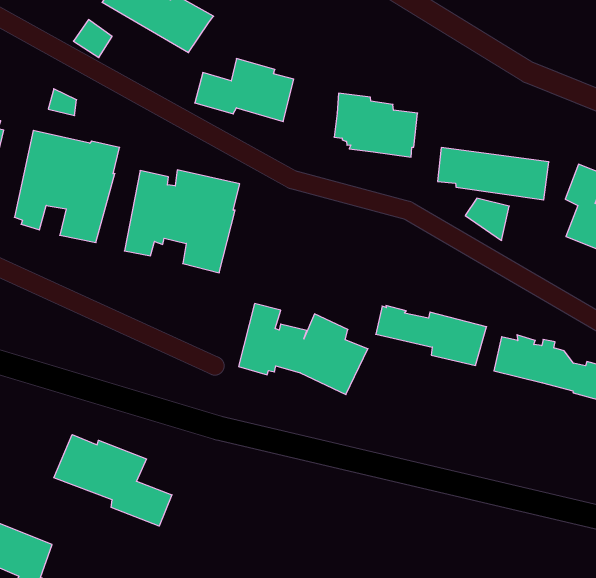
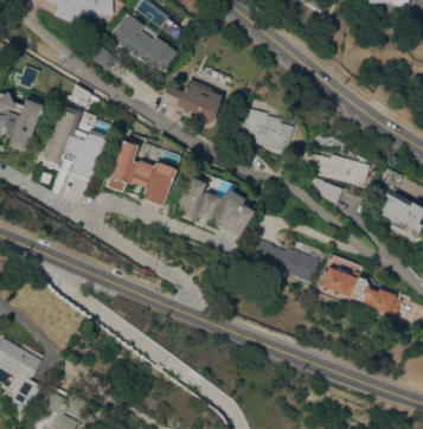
building: [239,304,368,395] -> [175,177,255,238]
building: [54,435,172,526] -> none

